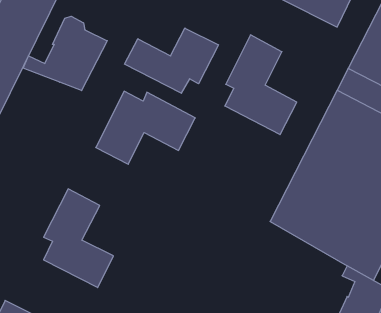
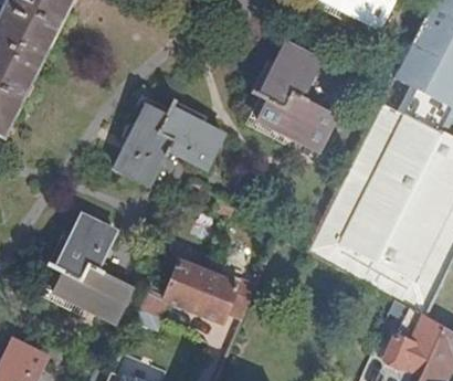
building: [23,16,107,91] -> none
building: [125,28,218,93] -> none
building: none -> [140,254,257,322]

